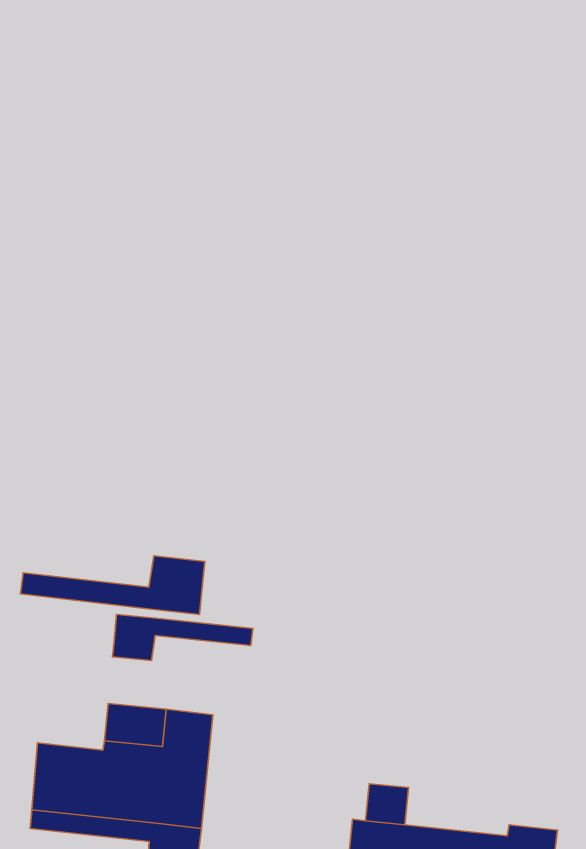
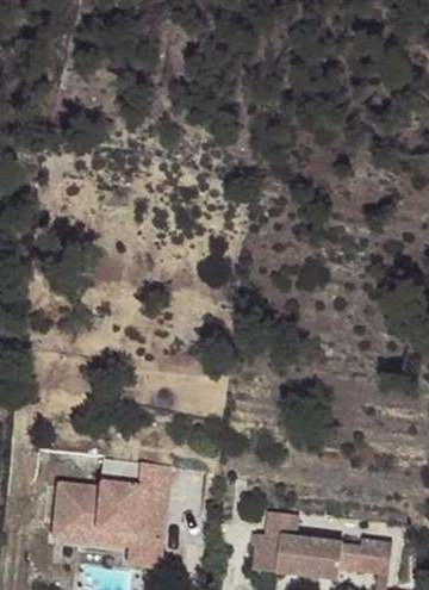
building: [21,556,205,614] -> none
building: [113,614,253,661] -> none

